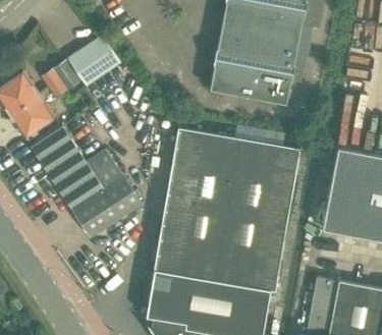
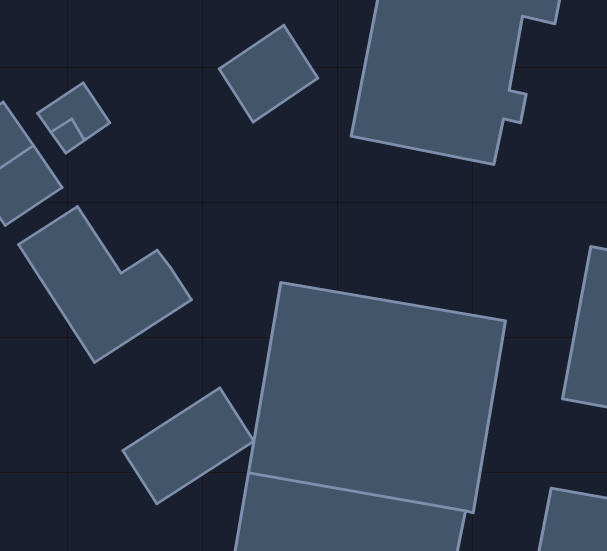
building: [68,36,121,88] -> [219,25,318,122]
building: [172,127,299,188] -> none
building: [72,177,143,239] -> [123,388,254,504]

